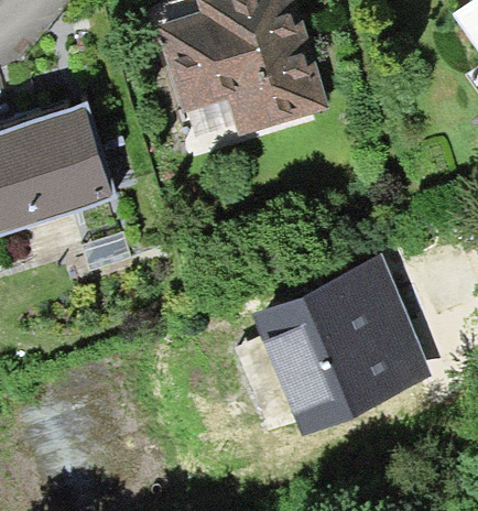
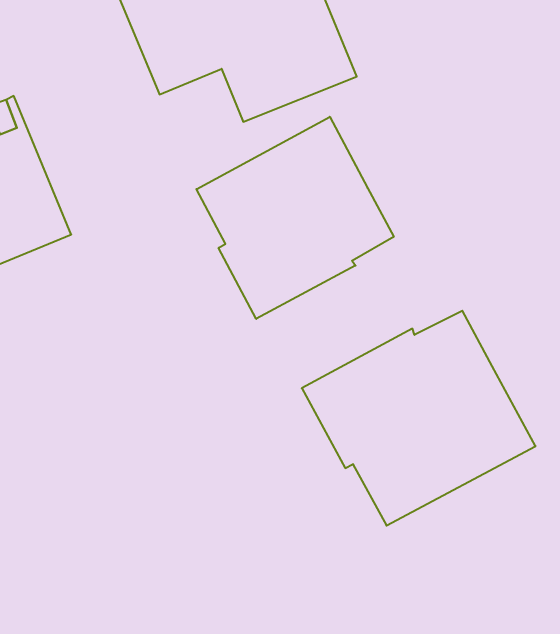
building: none -> [196,117,394,319]

